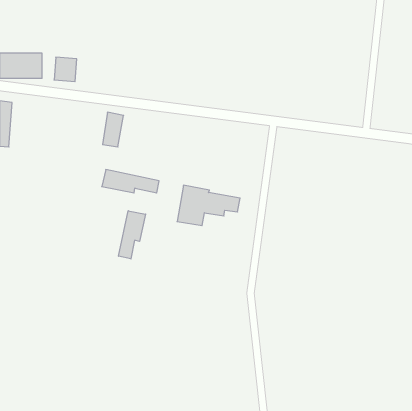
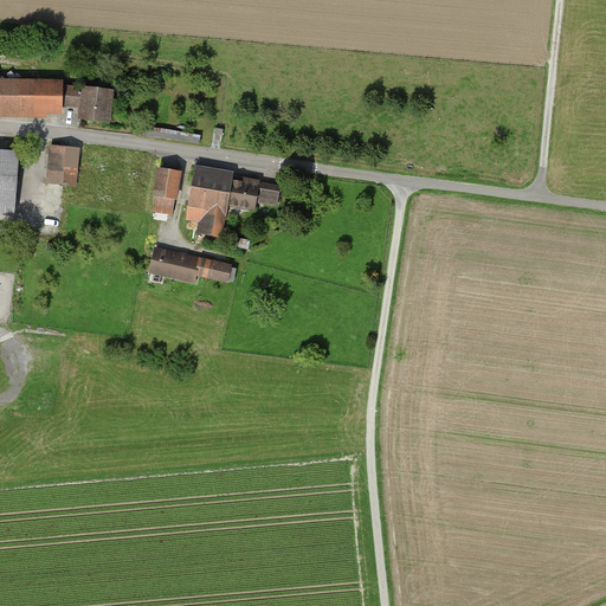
building: none -> [45,143,79,186]
building: [177,185,240,226] -> [186,165,278,224]
building: [119,211,146,259] -> none

